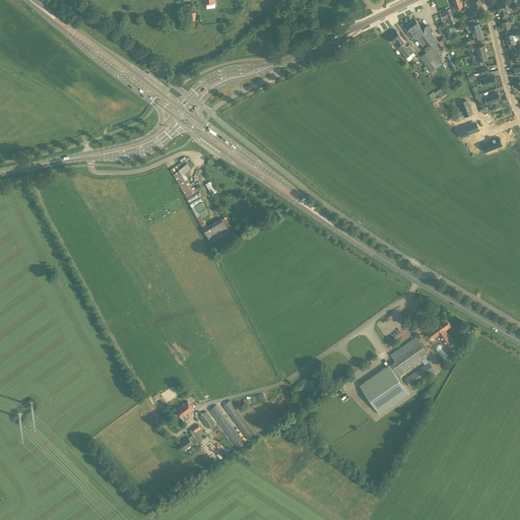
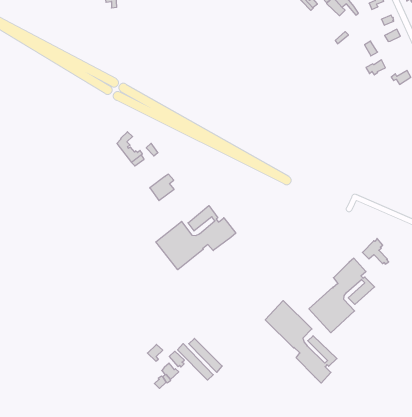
building: none -> [156,206,236,270]
building: none -> [265,301,337,383]

